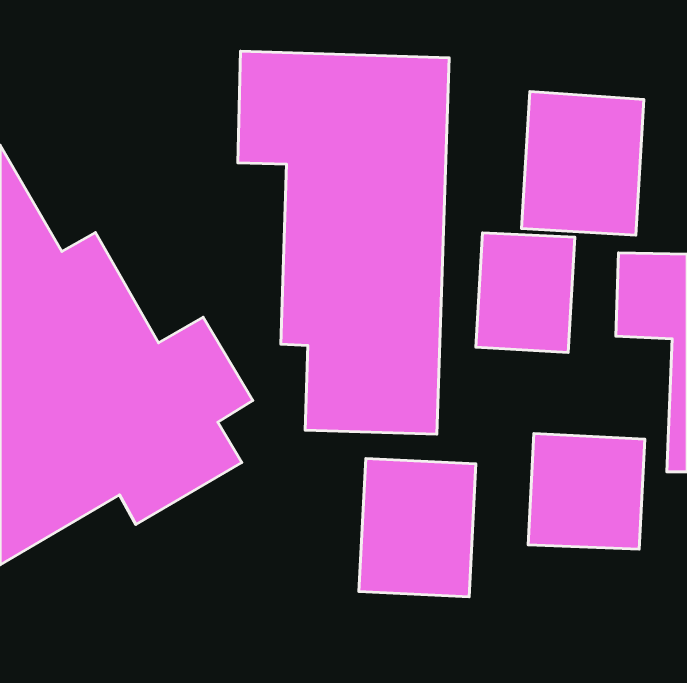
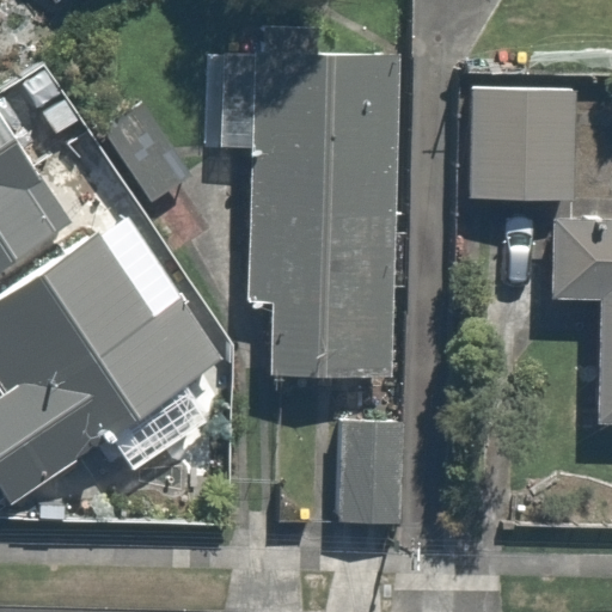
building: [476,233,575,353] -> none
building: [528,434,645,549] -> none

